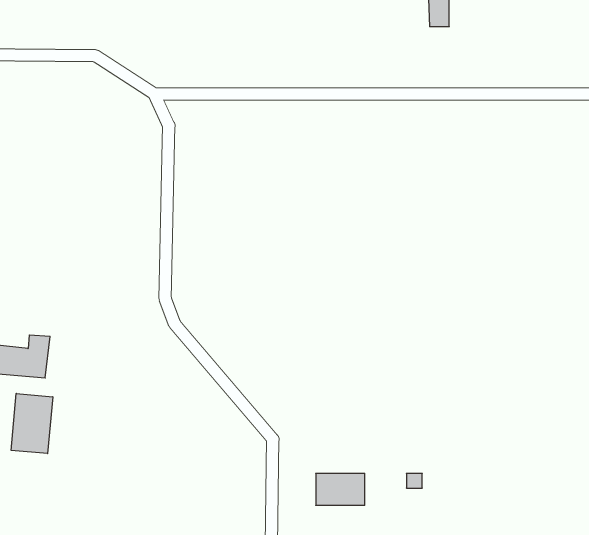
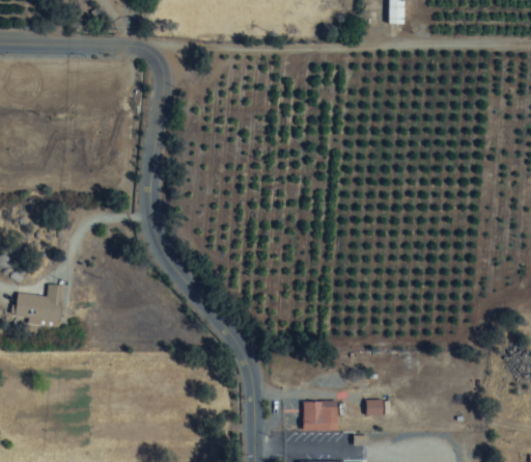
building: [11,393,53,454] -> none

